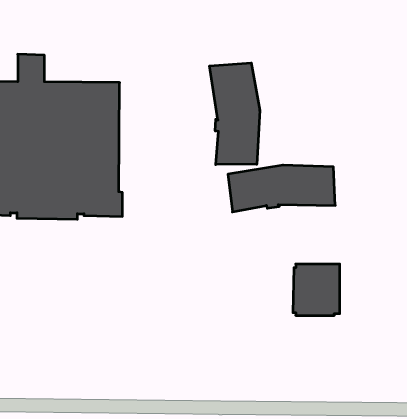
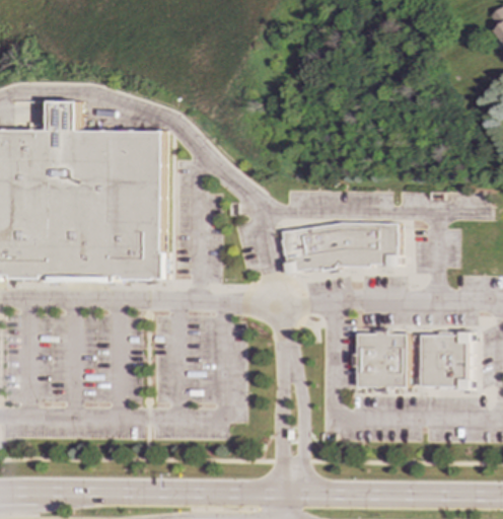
building: [210,63,260,165] -> none
building: none -> [419,329,470,389]

